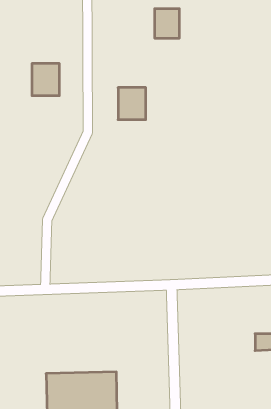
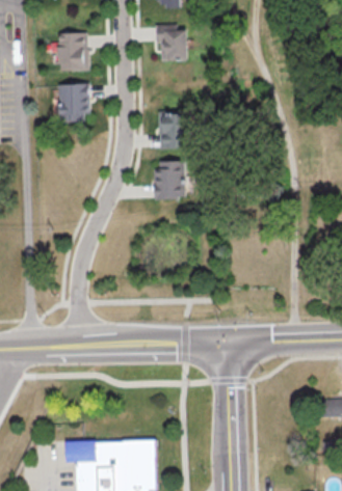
building: [155,9,179,38] -> [159,26,188,60]
building: none -> [58,32,87,71]
building: none -> [155,161,185,198]

